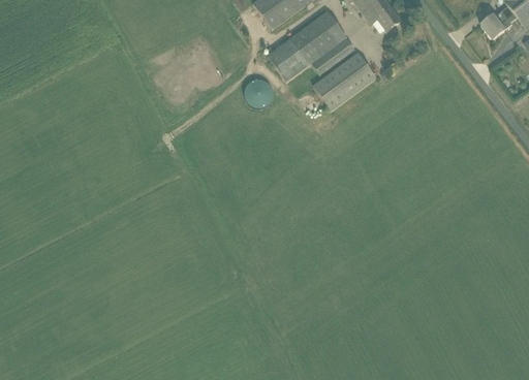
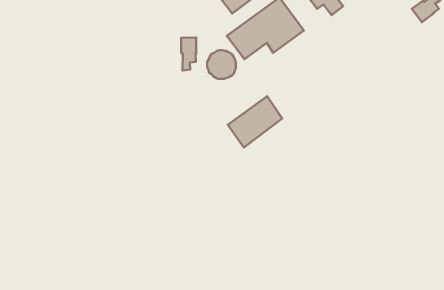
building: [312,52,375,110] -> [228,96,282,147]
building: none -> [181,38,196,70]

